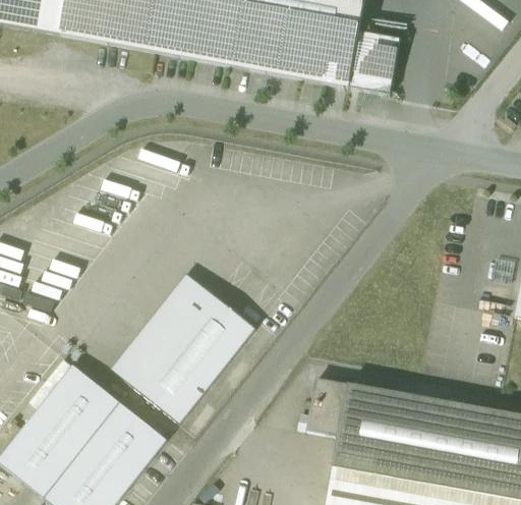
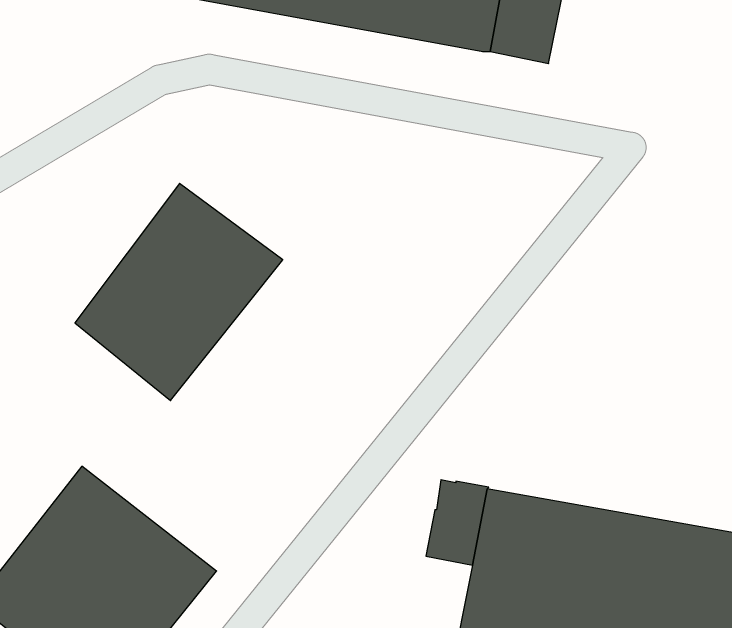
building: [115,274,256,422] -> [75,183,283,401]

